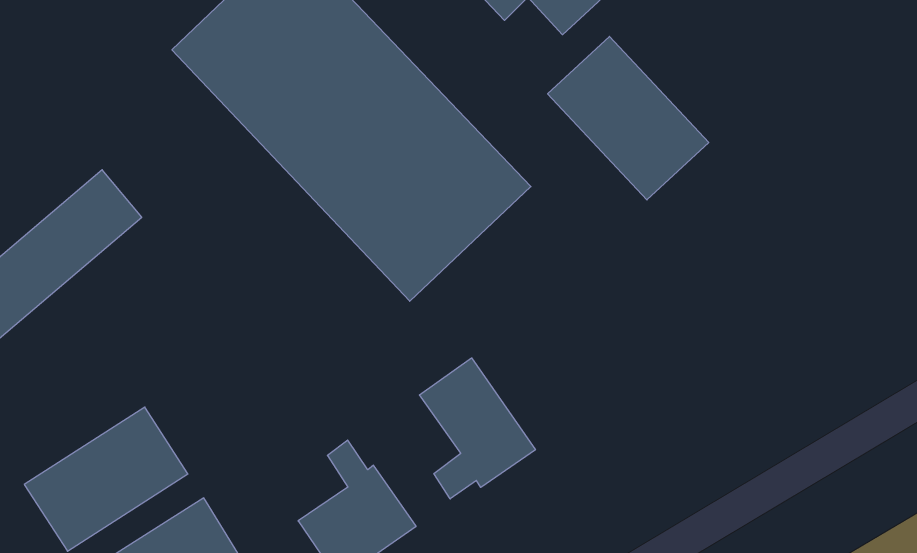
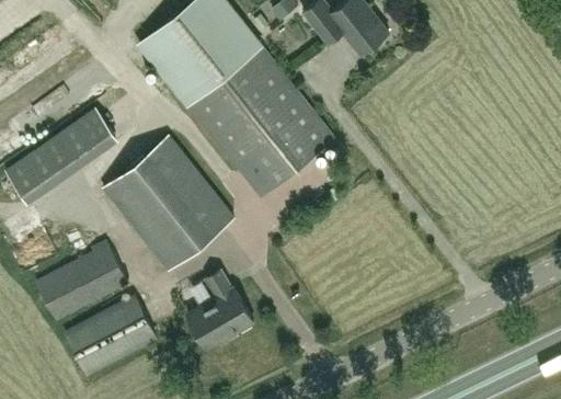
building: [548,36,709,200] -> none
building: none -> [103,137,236,274]
building: [419,358,535,499] -> none

